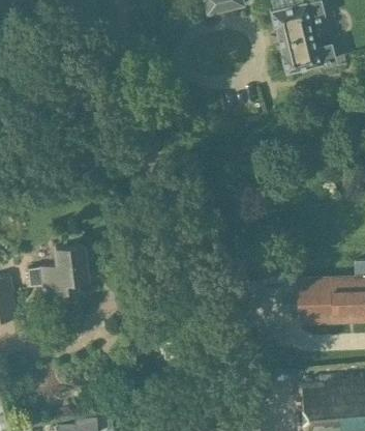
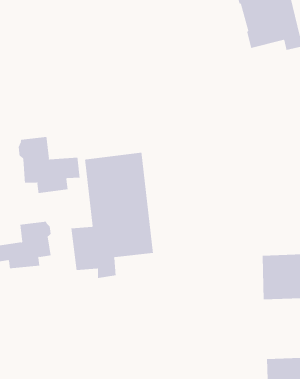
building: none -> [18,136,80,194]
building: none -> [71,152,154,279]

